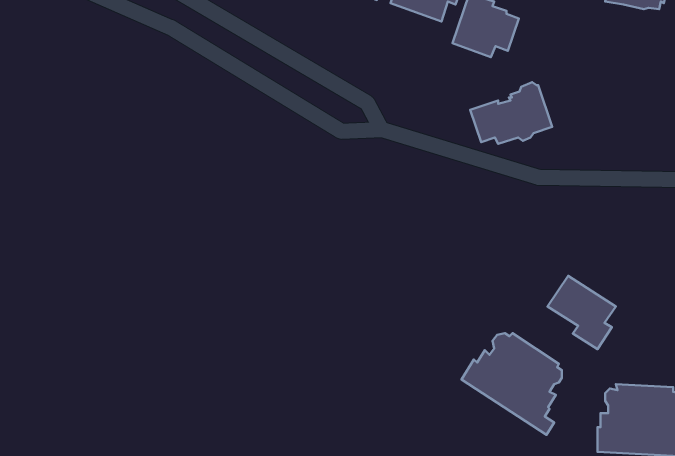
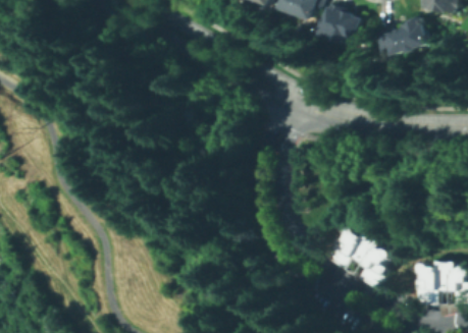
building: [470,82,552,144] -> [375,14,429,55]
building: [547,276,616,349] -> none

